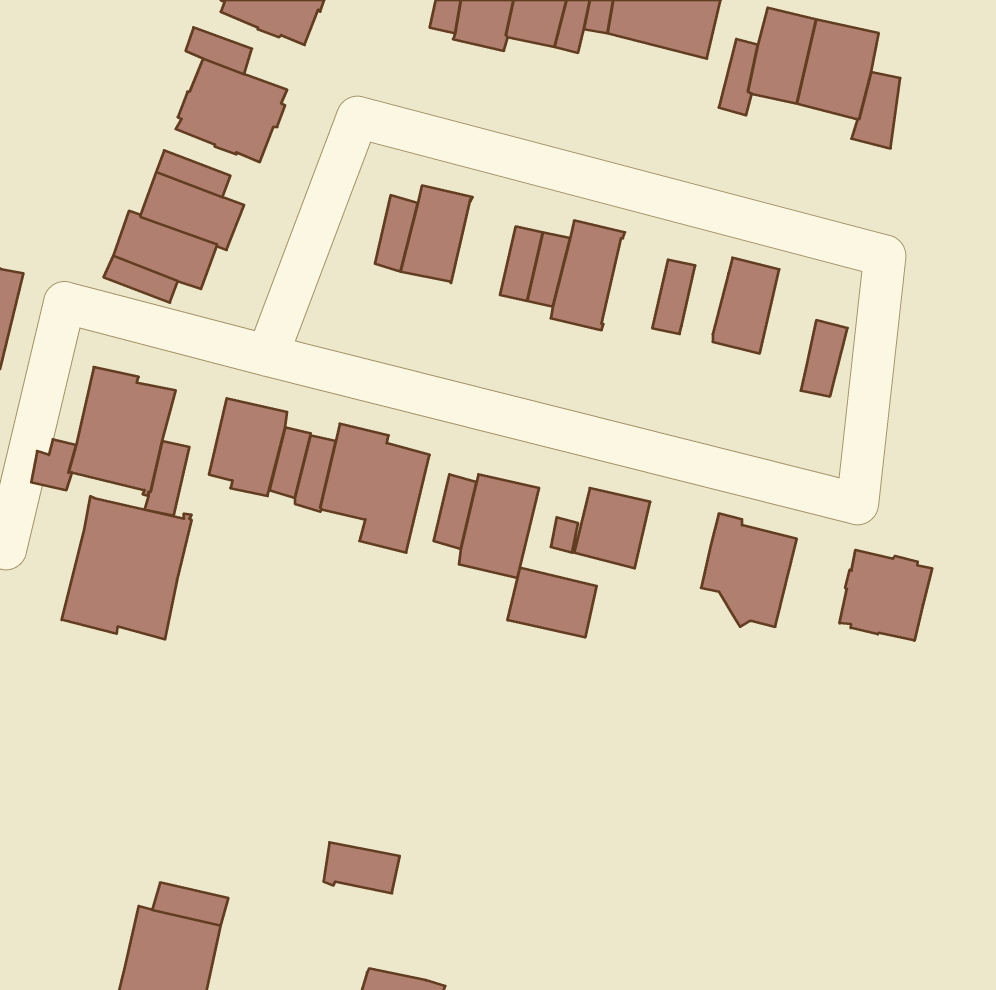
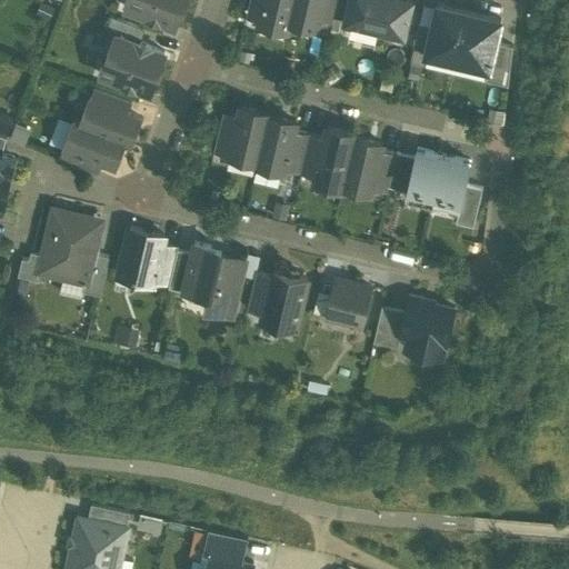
building: none -> [254,118,296,173]
building: none -> [342,140,382,196]
building: none -> [388,156,415,194]
building: none -> [432,158,470,212]
building: [62,496,191,639] -> none
building: none -> [372,310,405,350]
building: [840,550,932,641] -> none
building: [508,567,597,637] -> none
building: [324,842,400,893] -> [203,533,247,562]

